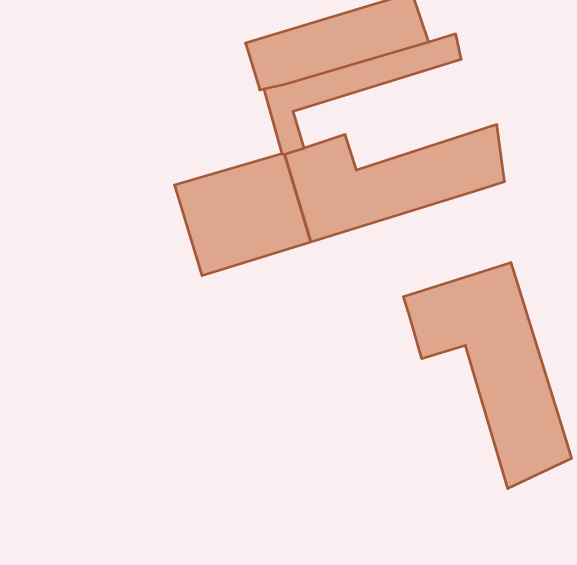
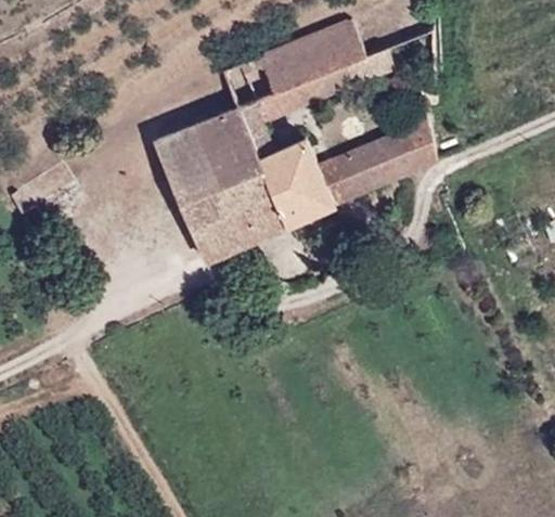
building: none -> [153,108,258,192]
building: [403,262,571,489] -> none

